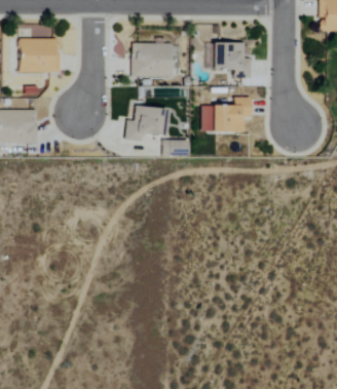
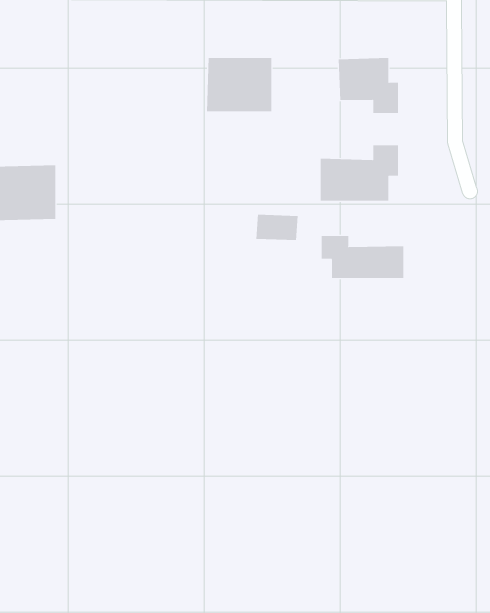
building: [20,38,61,72] -> none
building: [125,106,167,141] -> none
building: none -> [321,235,404,279]

